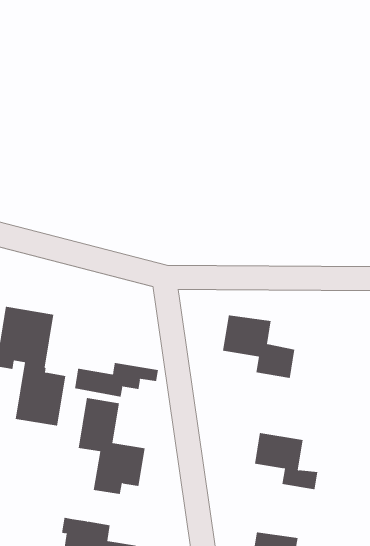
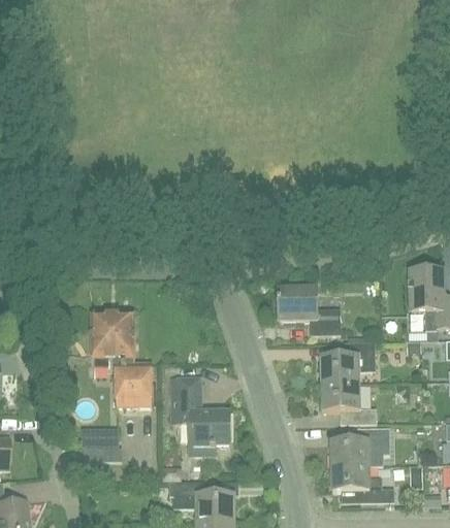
building: [74,362,158,398] -> none
building: none -> [321,340,375,382]
building: none -> [332,427,388,465]

